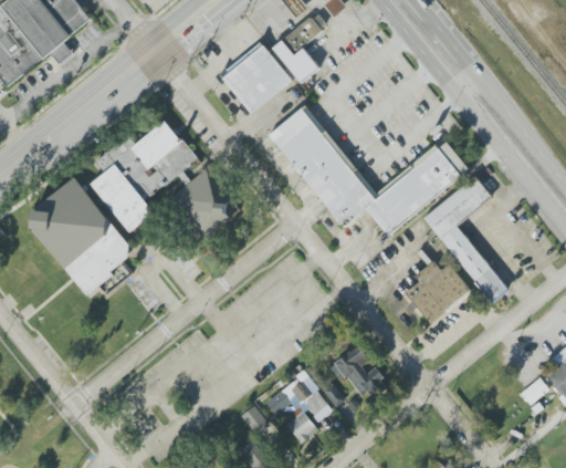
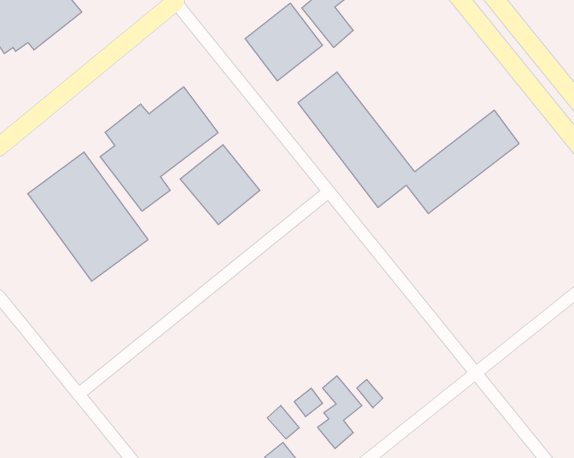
building: [422,175,507,303] -> none
building: [405,261,470,323] -> none
building: [335,344,387,401] -> none

